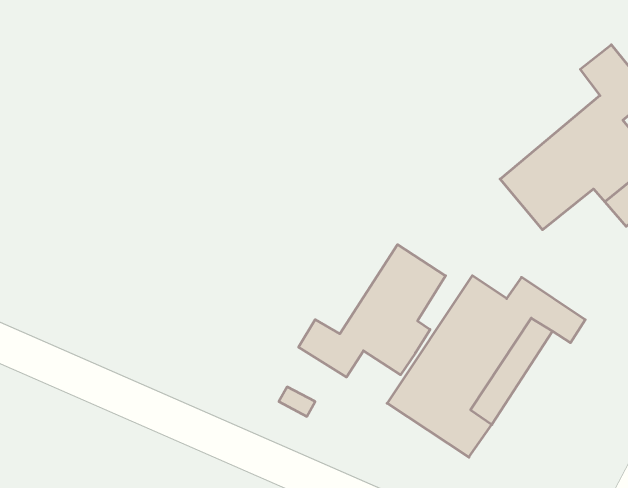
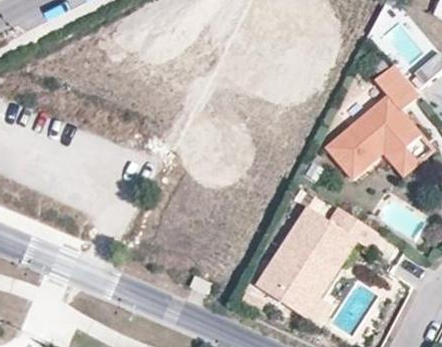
building: [299,245,446,377] -> none

